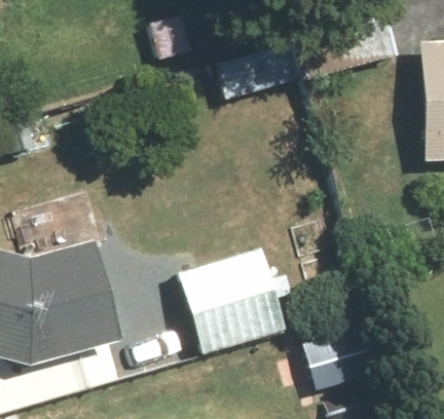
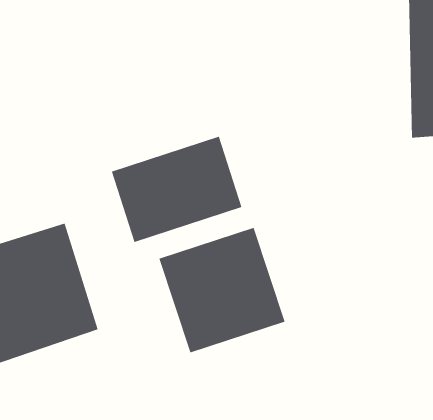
building: none -> [111,136,242,243]

